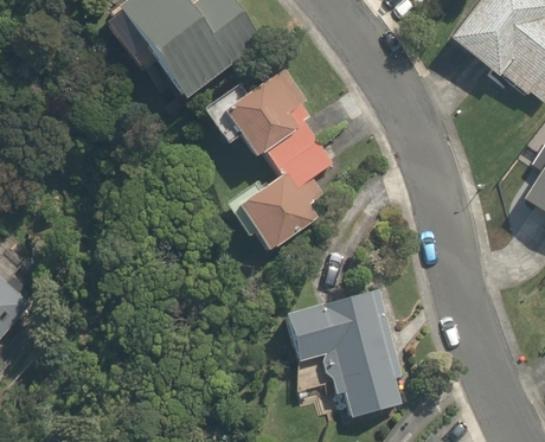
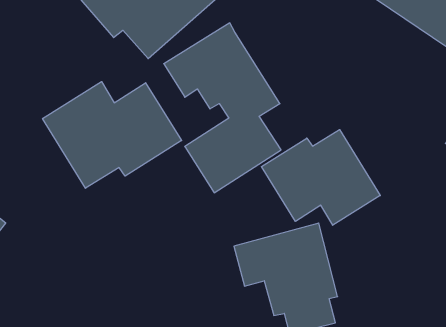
building: none -> [43,82,182,188]
building: none -> [261,130,380,225]

